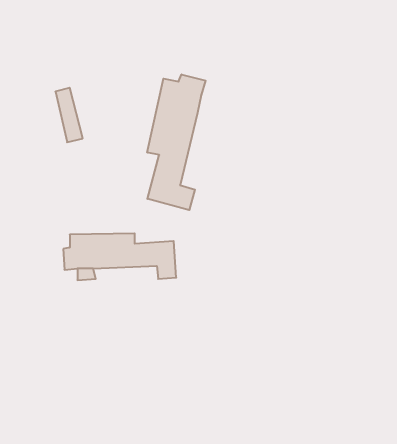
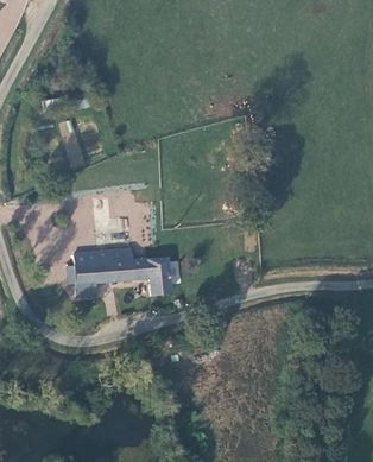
building: [147,74,206,210] -> none

